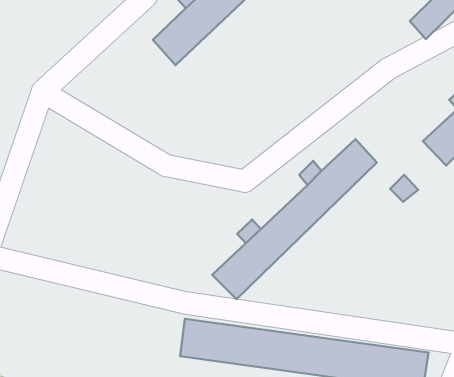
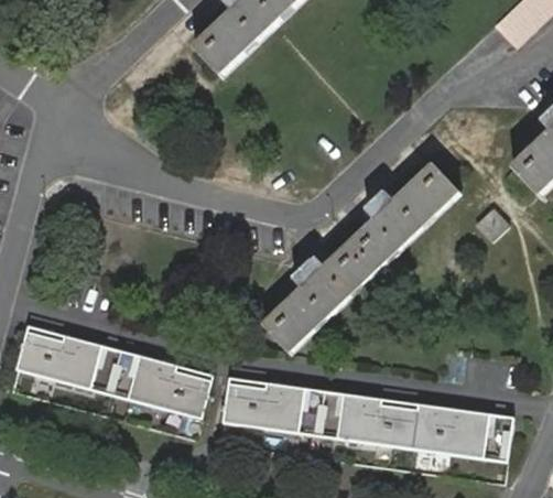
building: none -> [15,325,213,418]

